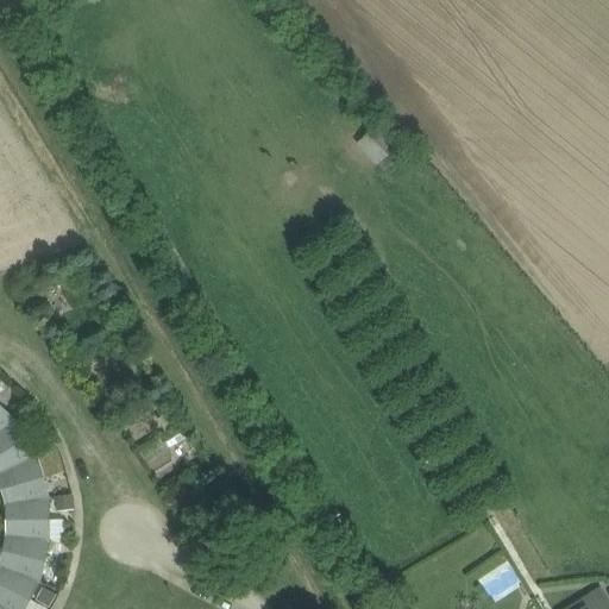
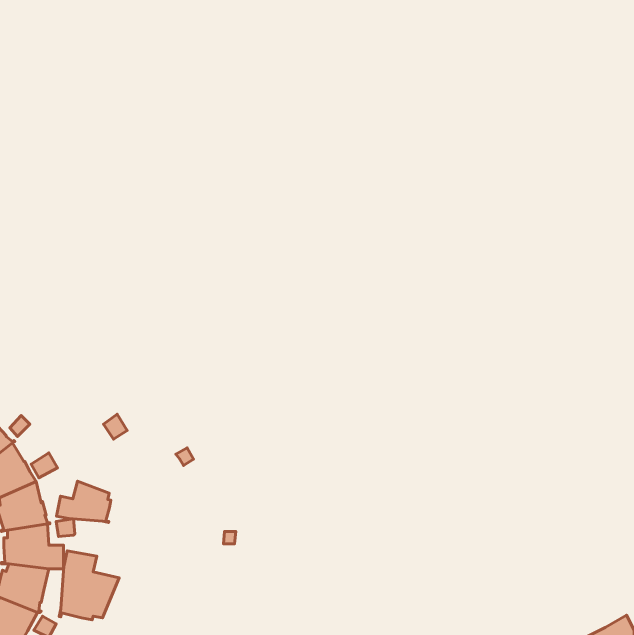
building: none -> [57,481,111,522]
building: none -> [59,551,119,620]

